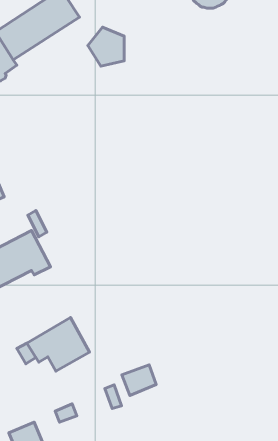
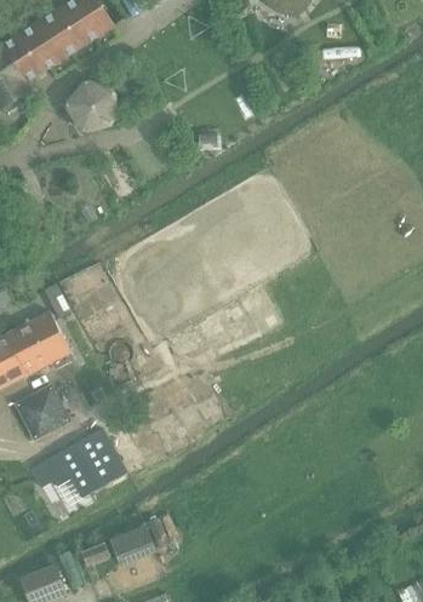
building: [88,27,124,66] -> [64,82,113,134]
building: none -> [17,385,68,436]
building: [122,365,156,396] -> [109,523,155,564]

